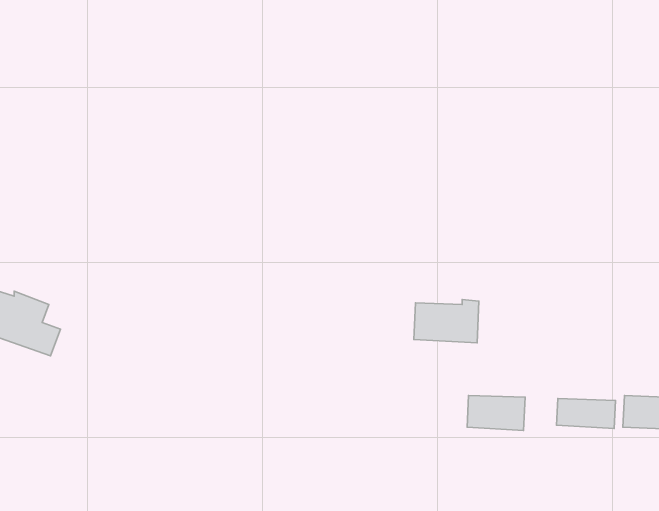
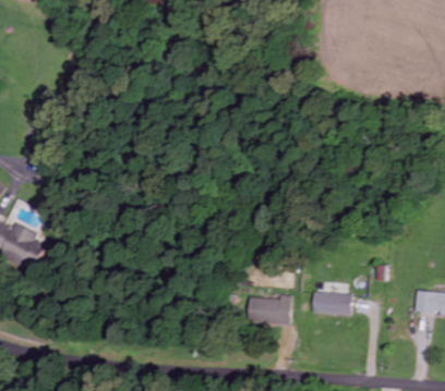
building: [414,300,479,343] -> [249,295,291,323]
building: [557,398,615,429] -> none

